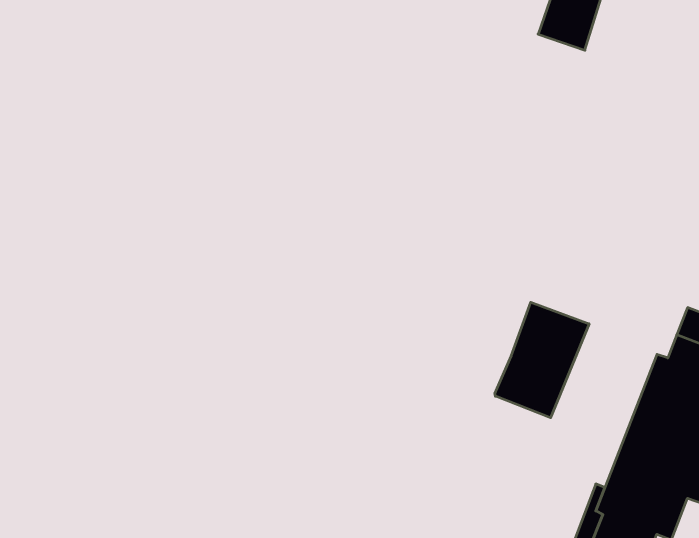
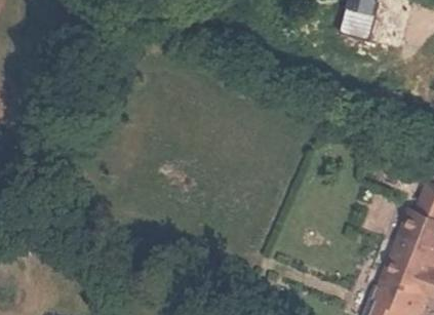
building: [495,302,589,418] -> none

